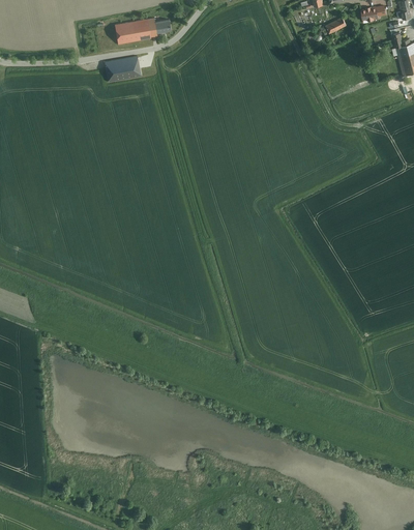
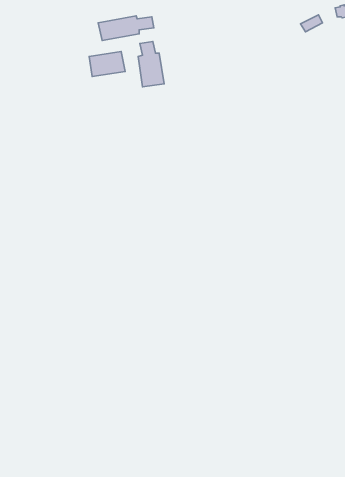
building: none -> [138,41,164,87]

